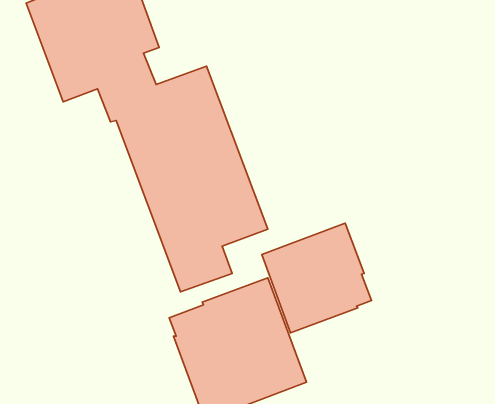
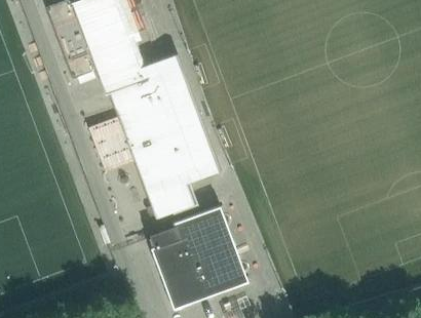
building: [262,223,371,333] -> none

